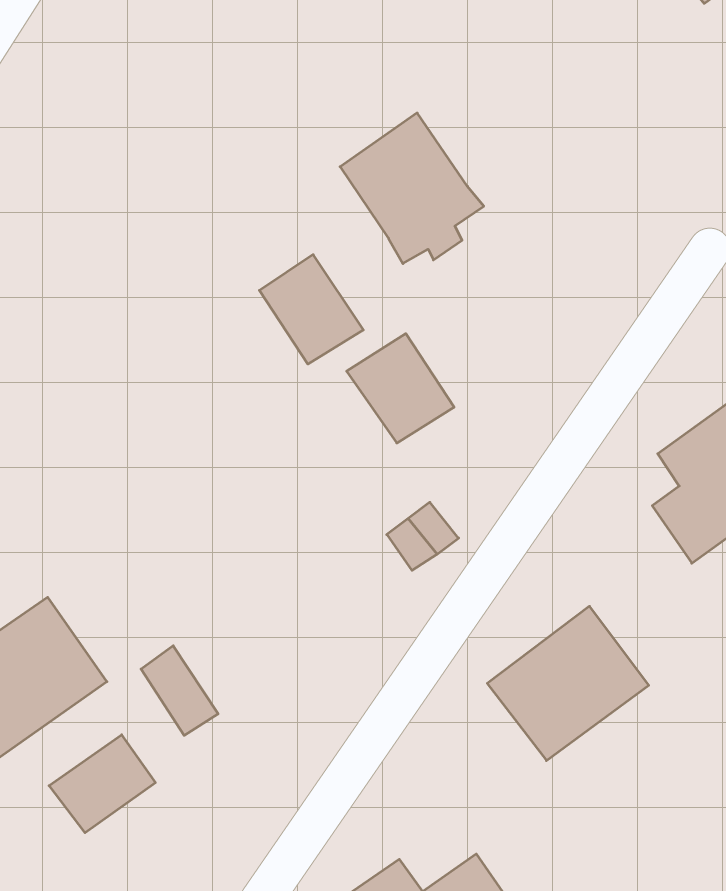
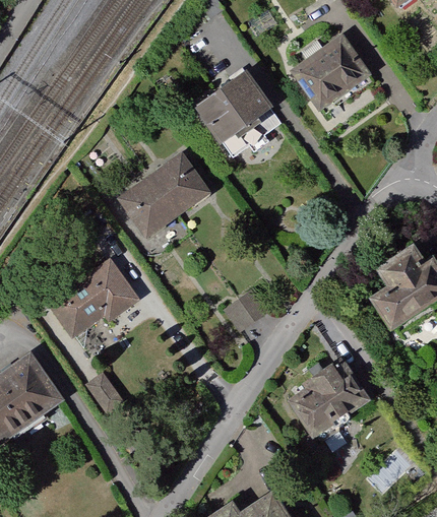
building: none -> [289,36,371,115]
building: [347,334,454,443] -> [119,174,180,236]
building: none -> [47,263,135,343]
building: [49,735,155,833] -> none

